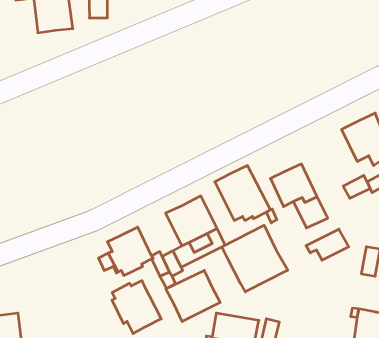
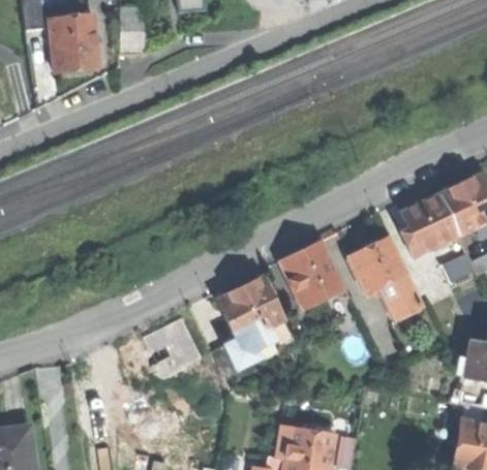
building: none -> [399,194,458,256]
building: [222,225,288,292] -> none
building: [306,229,349,260] -> none
building: [166,270,220,322] -> none
building: [112,281,161,334] -> none

